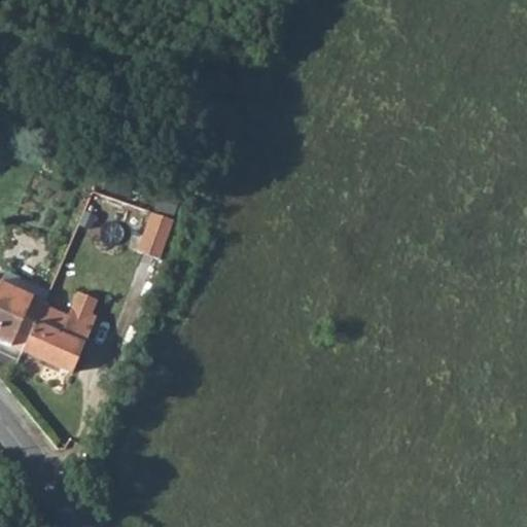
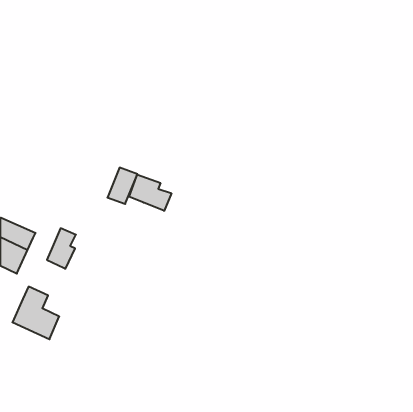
building: none -> [129,175,171,211]
building: [22,303,81,370] -> [12,287,59,339]

